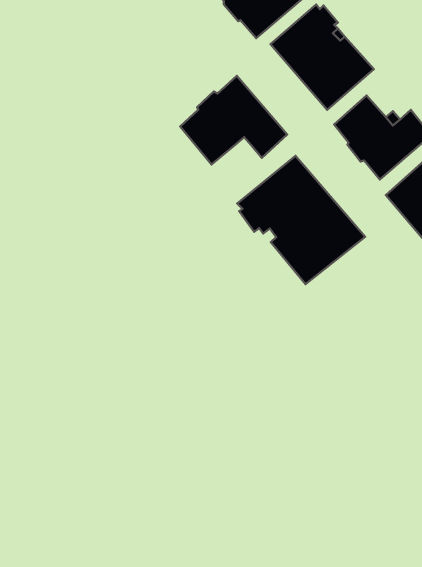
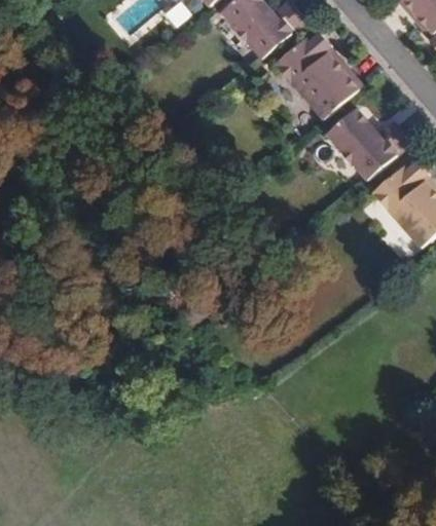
building: [180,76,287,164] -> none
building: [237,156,365,284] -> none

